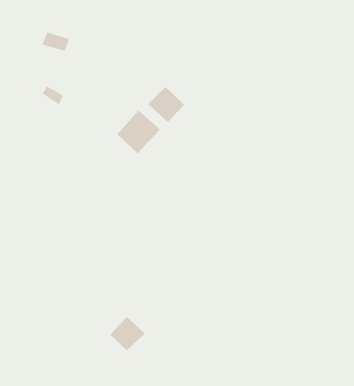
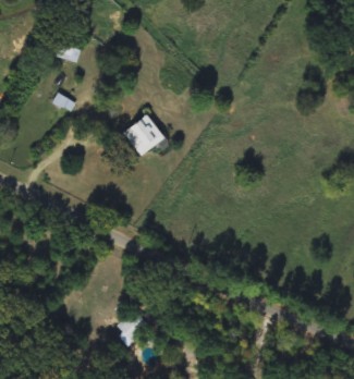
building: [148,86,185,123] -> none

